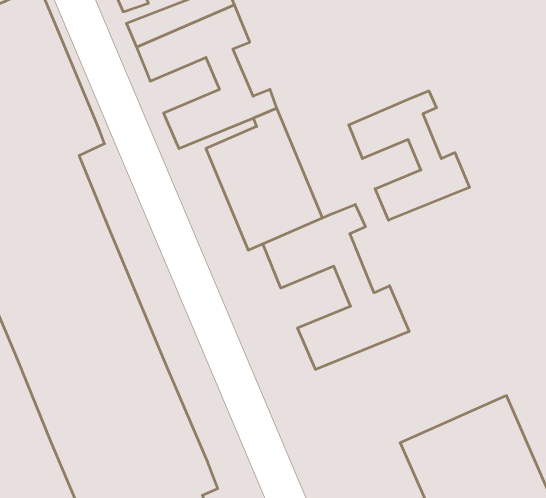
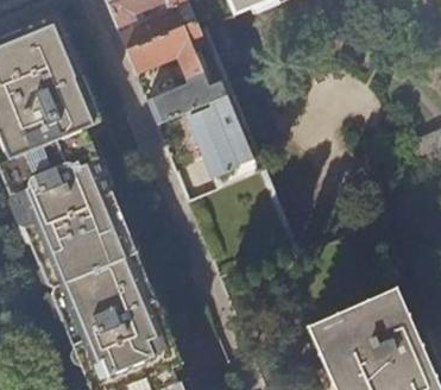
building: [349,91,470,220] -> none
building: [263,204,409,369] -> none

